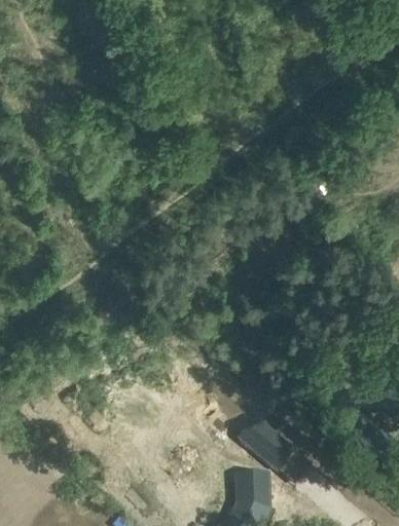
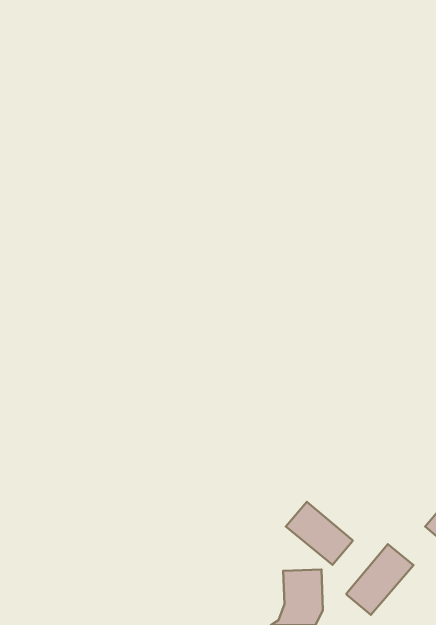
building: none -> [347,544,413,615]

